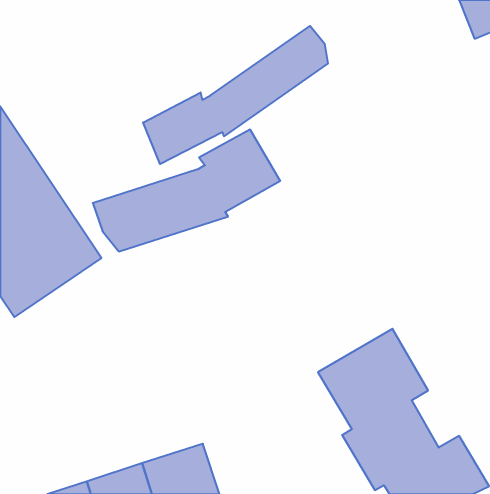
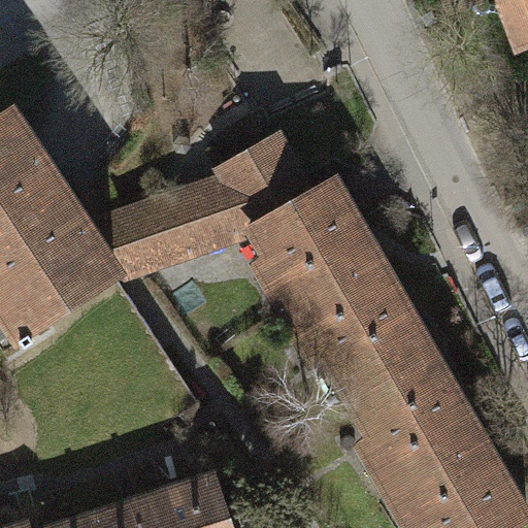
building: [143,26,328,164] -> none
building: none -> [244,178,423,397]

